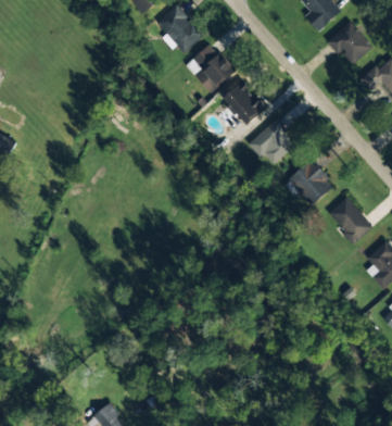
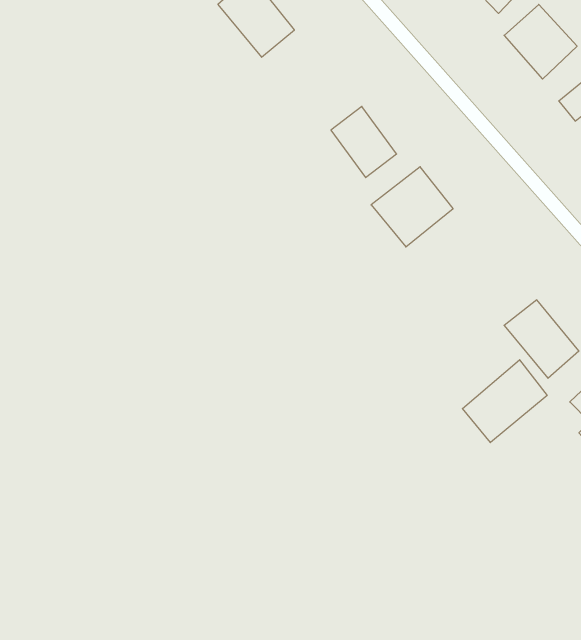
building: [191,42,235,87] -> none
building: [288,158,334,205] -> none
building: none -> [462,360,547,443]

